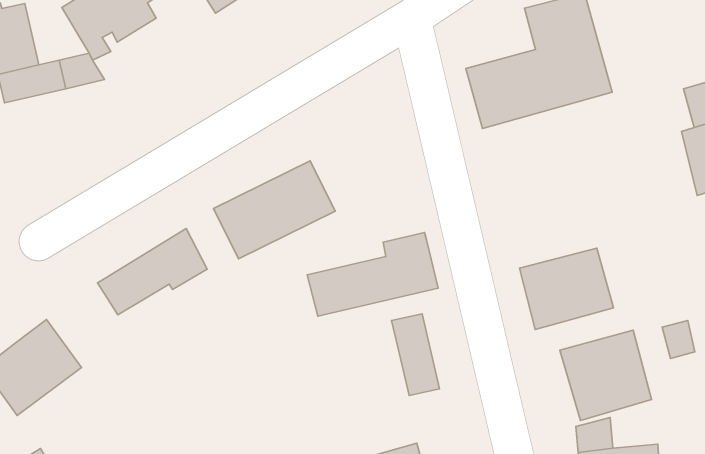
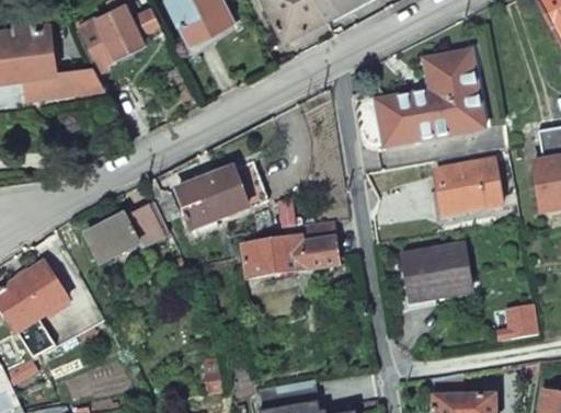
building: none -> [435,161,501,216]
building: [392,314,440,396] -> none
building: [560,330,652,420] -> none

